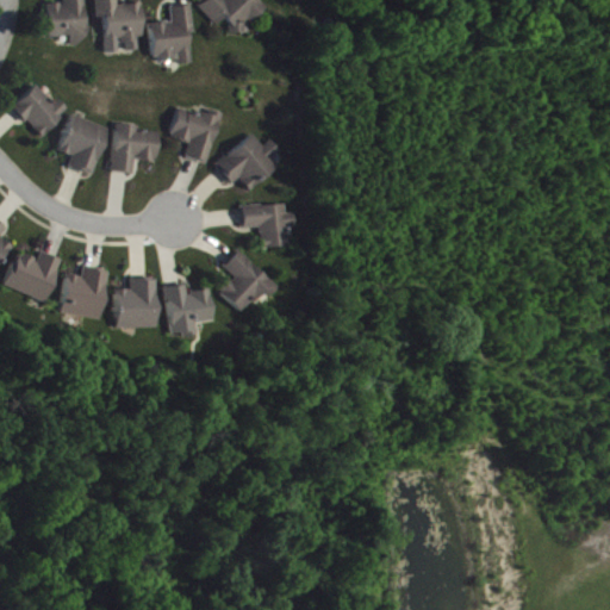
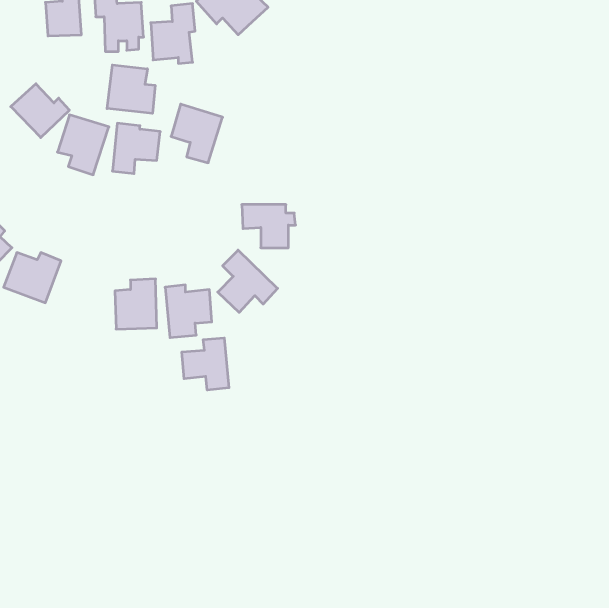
building: none -> [107,65,155,113]
building: [214,133,280,189] -> none
building: [60,267,107,318] -> none
building: none -> [182,338,229,390]

